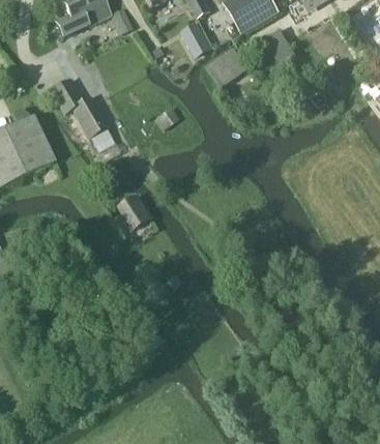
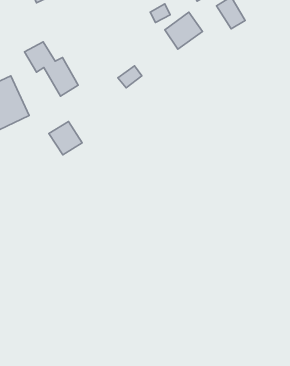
building: [116,194,153,231] -> [49,121,82,155]

